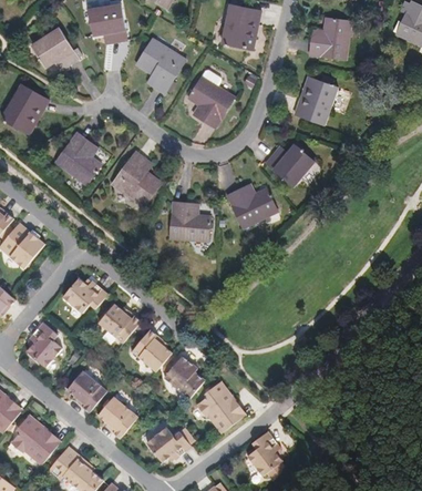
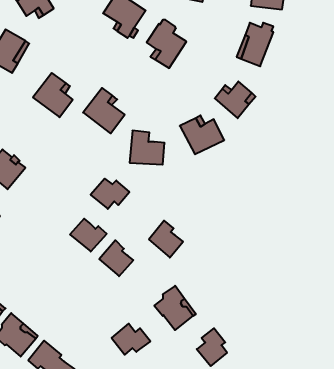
building: [62,278,107,314] -> [91,179,129,209]
building: [27,323,62,368] -> none
building: [164,356,204,399] -> [149,221,183,258]
building: [66,371,106,412] -> none
building: [97,397,137,439] -> none

